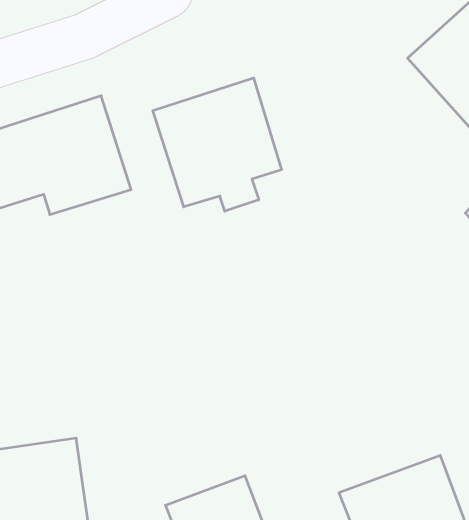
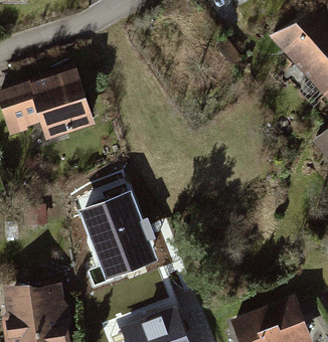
building: [153,78,281,211] -> none
building: none -> [74,188,153,276]

